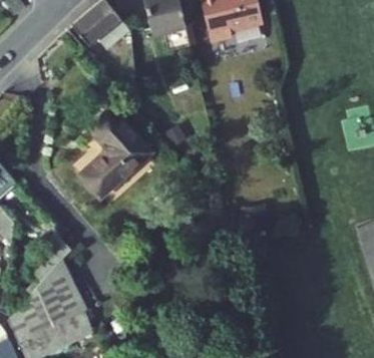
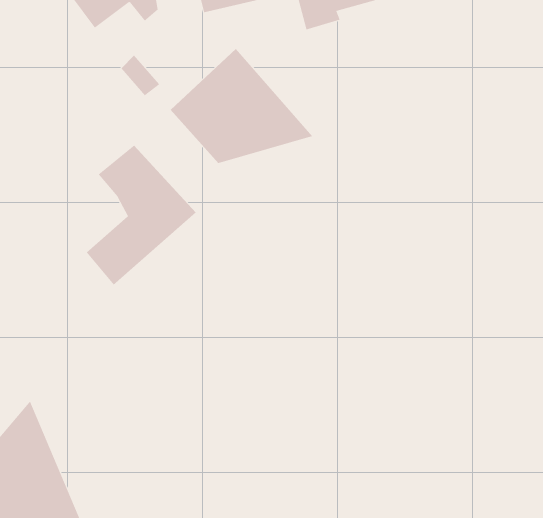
building: none -> [170,48,313,164]

